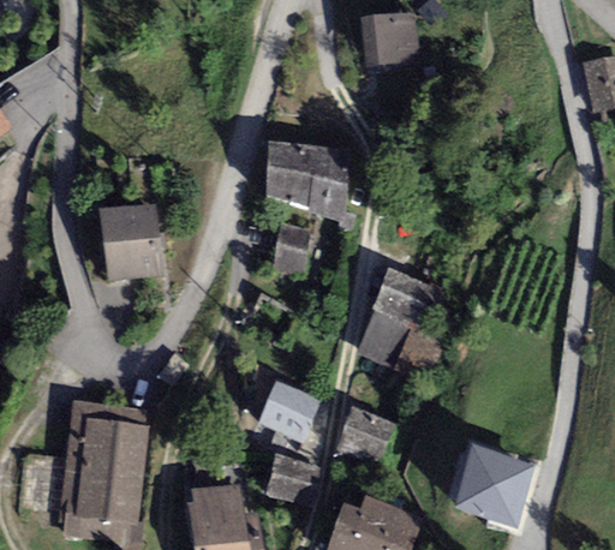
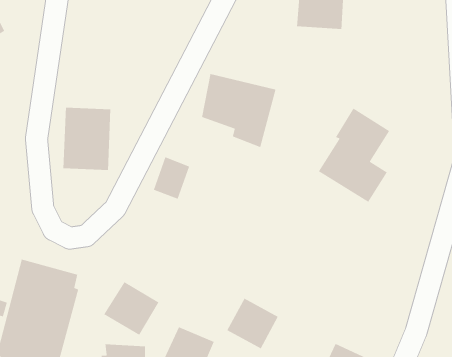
building: [270,223,311,274] -> [153,156,190,200]
building: [358,268,443,381] -> [318,107,390,203]
building: [256,381,322,444] -> [103,281,159,336]

